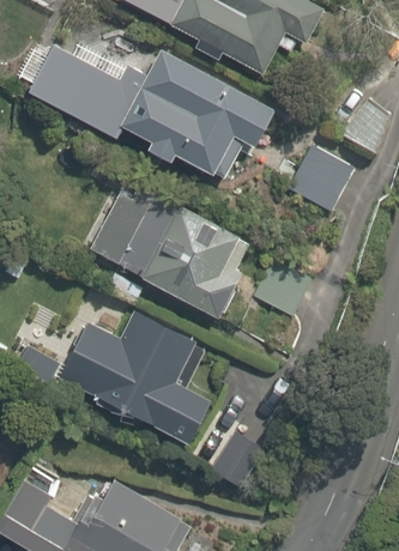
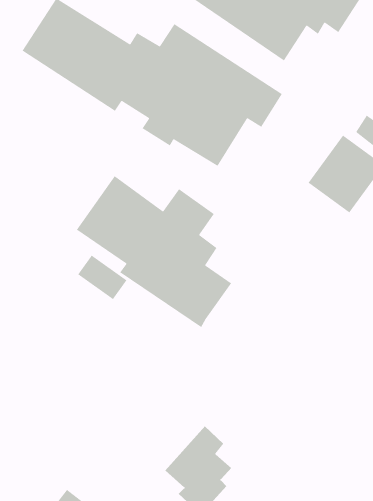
building: [59,313,212,442] -> none

